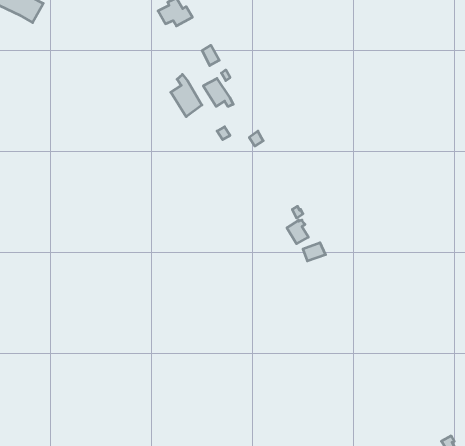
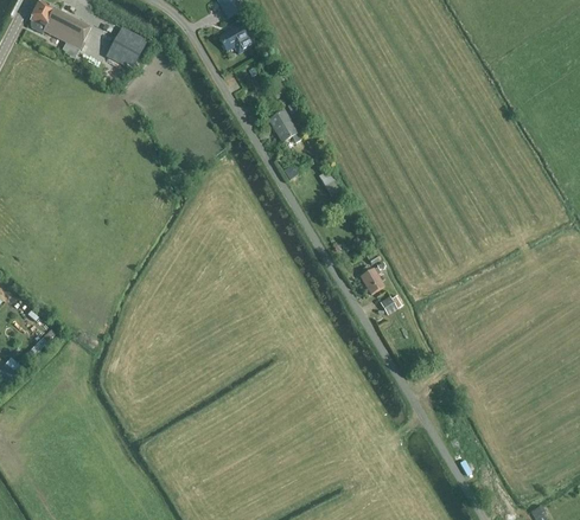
building: none -> [103,32,144,73]
building: [171,74,202,117] -> none

